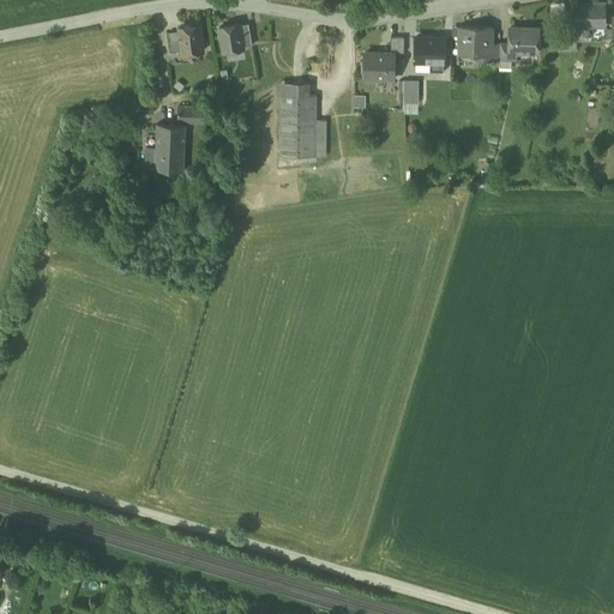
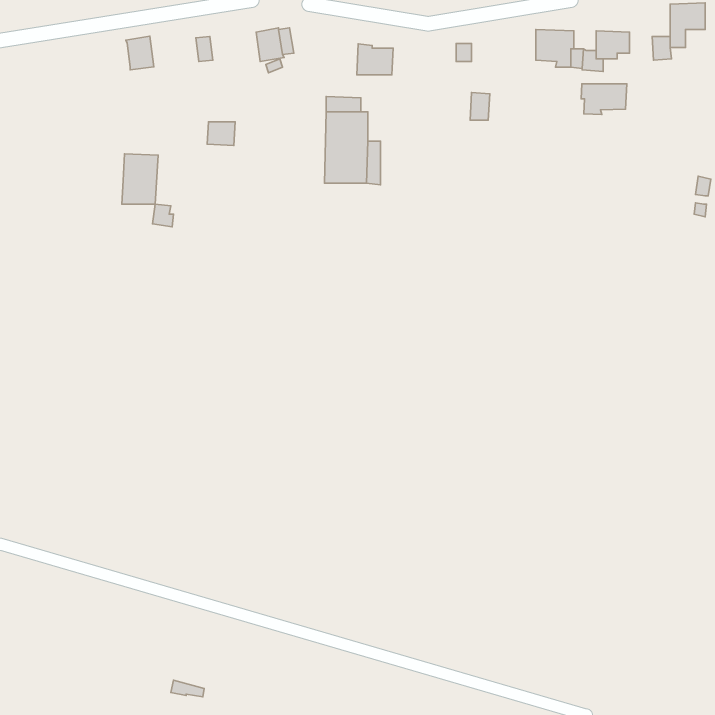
building: [179,25,203,54] -> [126,36,154,70]
building: [416,37,446,71] -> none
building: [365,52,396,78] -> [357,44,393,75]
building: none -> [581,84,627,114]
building: [155,125,186,168] -> [122,154,158,204]

